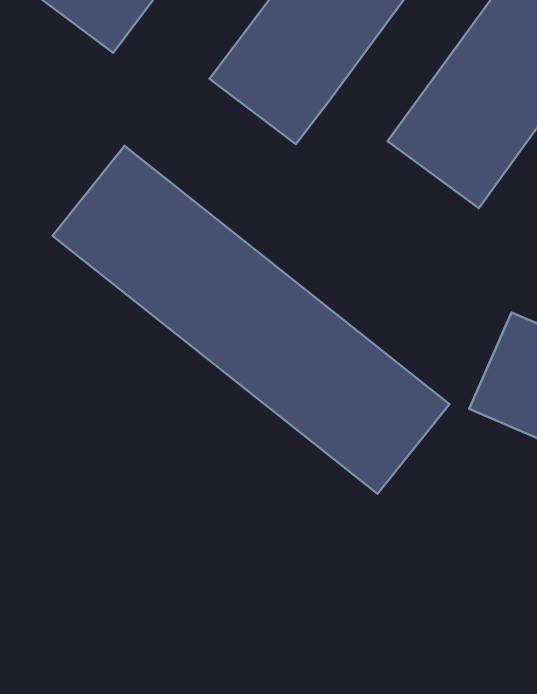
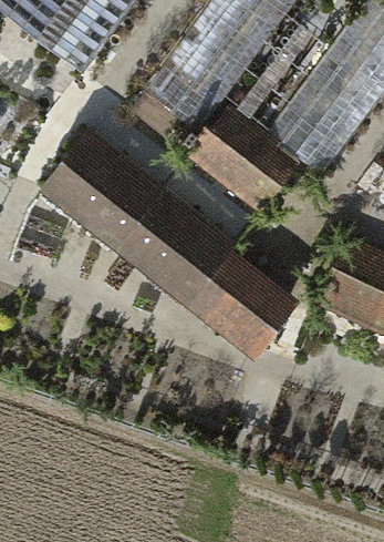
building: none -> [190,113,297,213]

